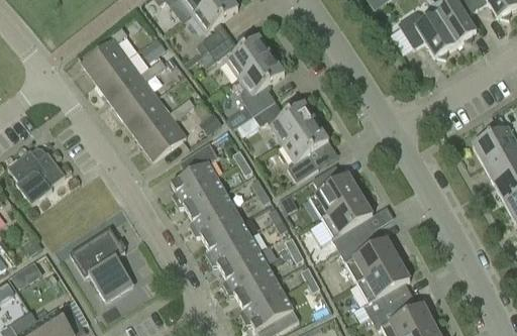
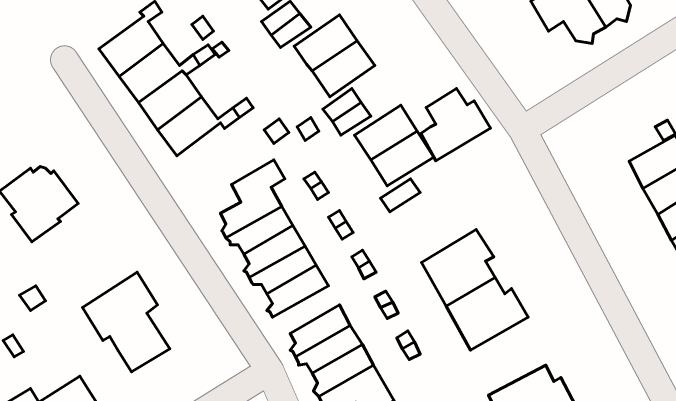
building: [138,115,186,159] -> none
building: [308,164,359,218] -> [421,88,491,161]
building: [209,235,258,270] -> none
building: [355,258,411,316] -> none

